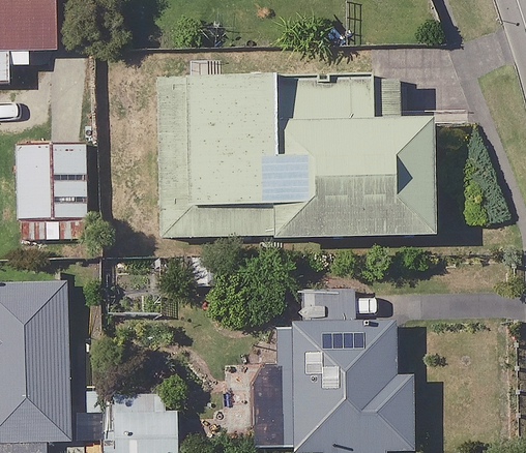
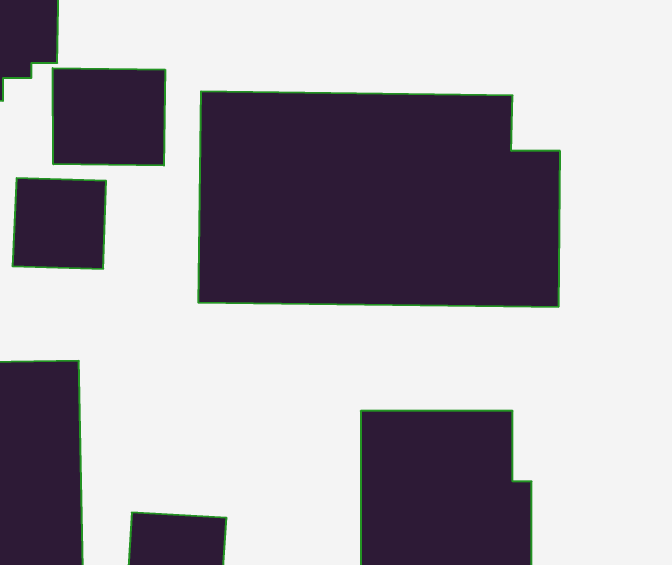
building: none -> [53,68,165,166]

